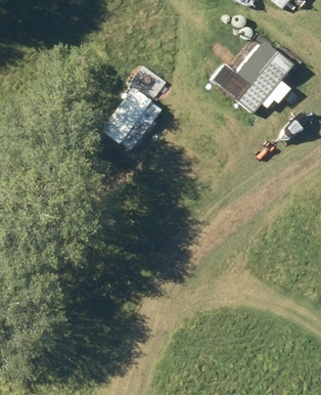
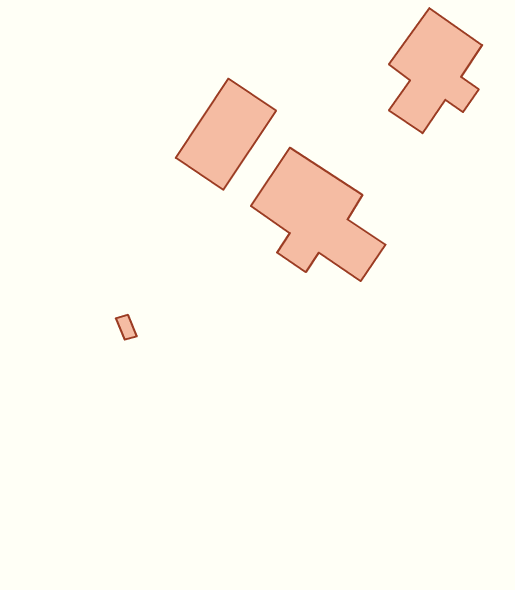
building: none -> [251,148,386,281]

